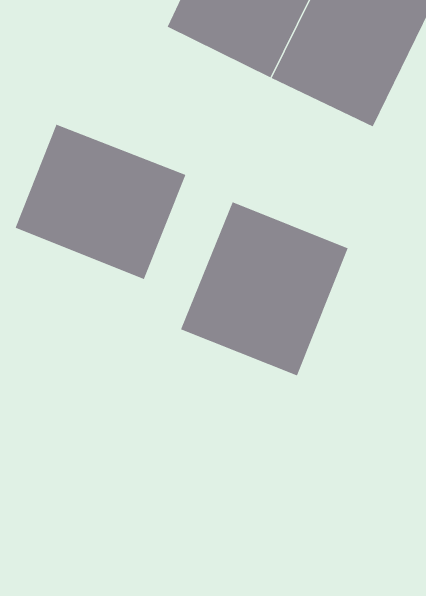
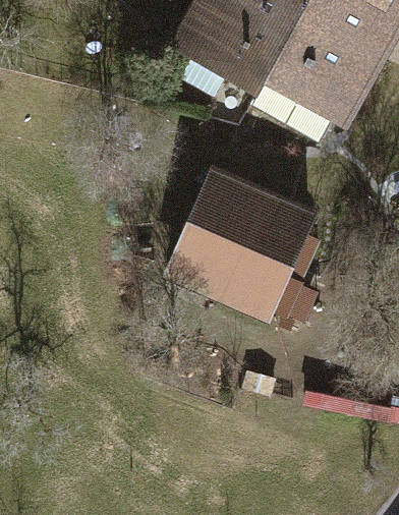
building: [15,124,186,280] -> none

